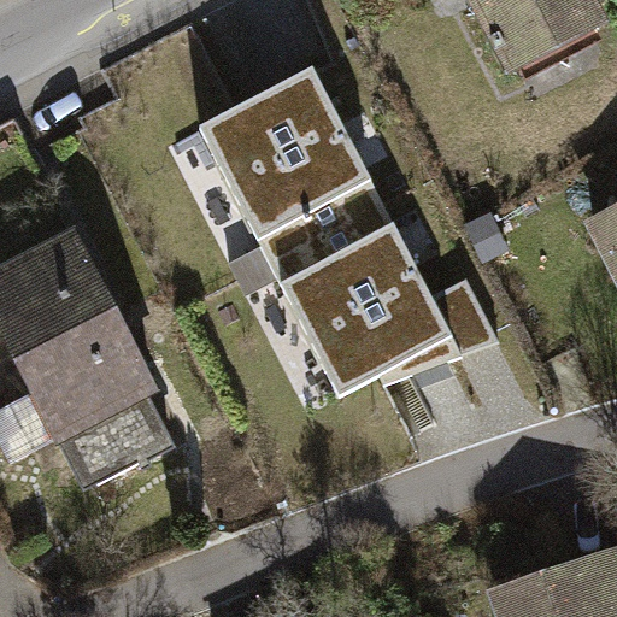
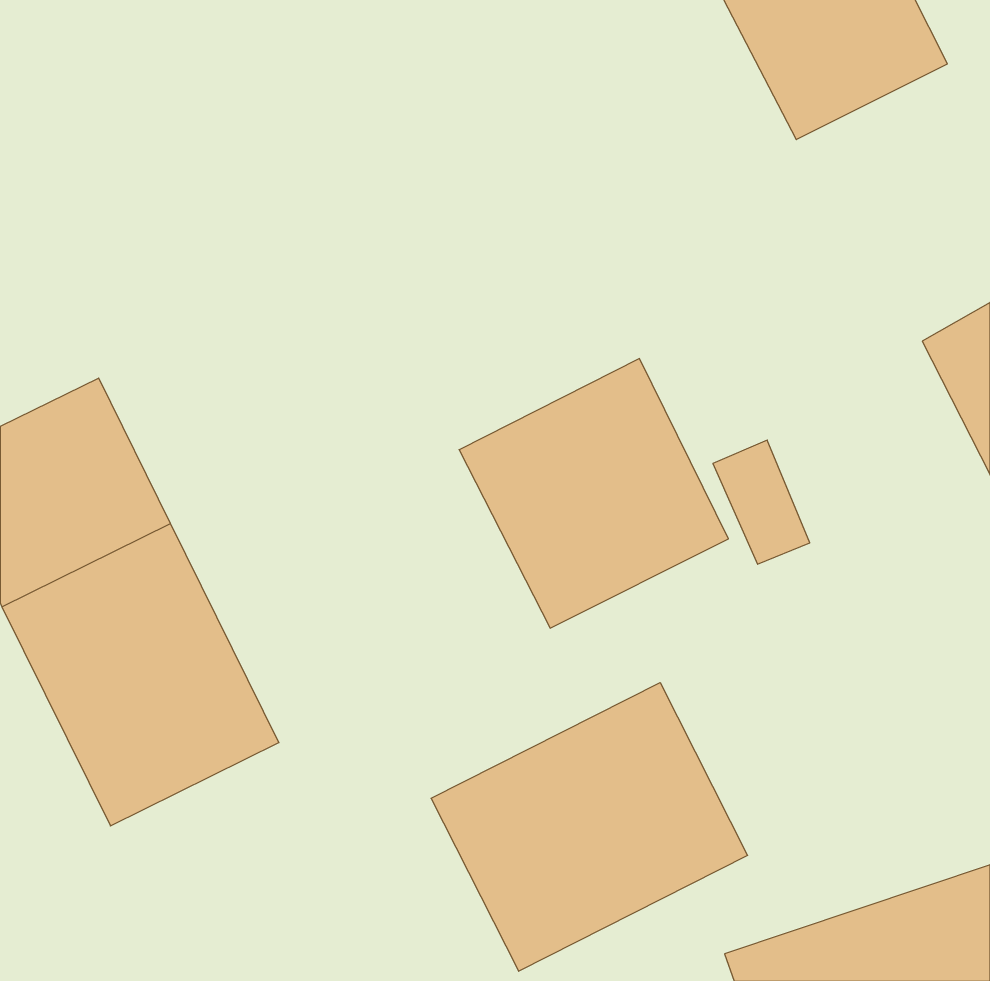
building: [205,67,372,235] -> none
building: none -> [431,683,748,971]

